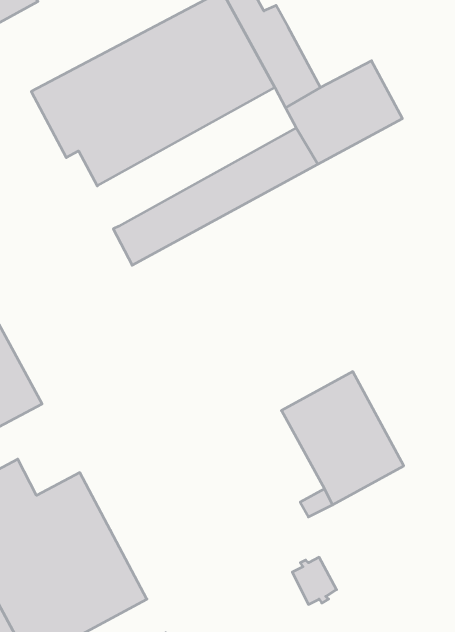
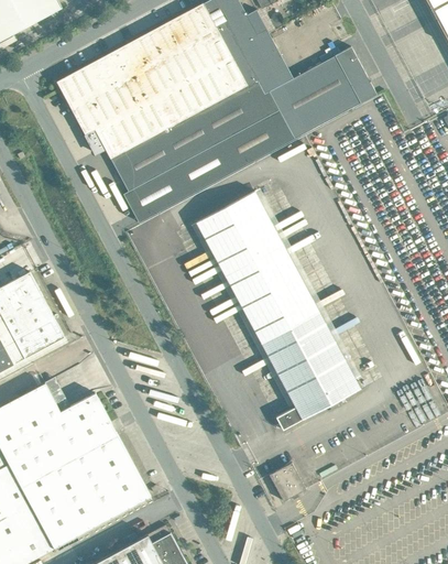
building: none -> [335,47,376,104]
building: none -> [110,78,273,192]
building: none -> [196,192,319,343]

